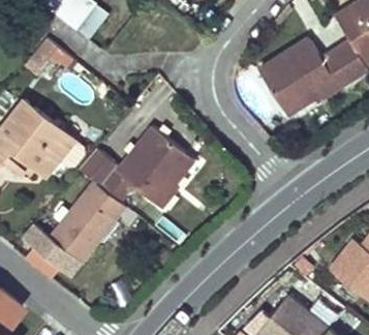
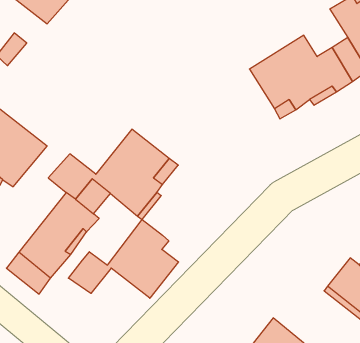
building: none -> [68,220,179,298]

